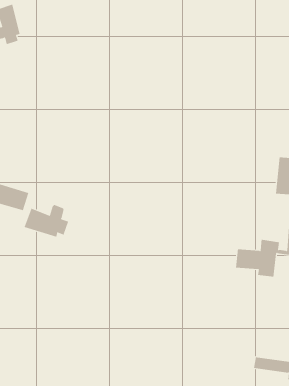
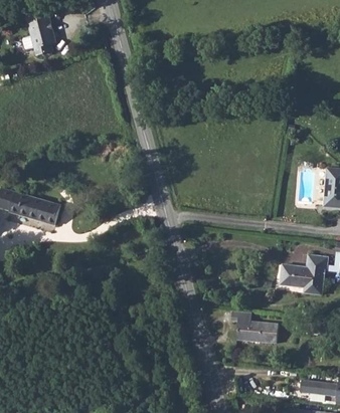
building: [24,204,69,237] -> none
building: none -> [231,311,279,343]

